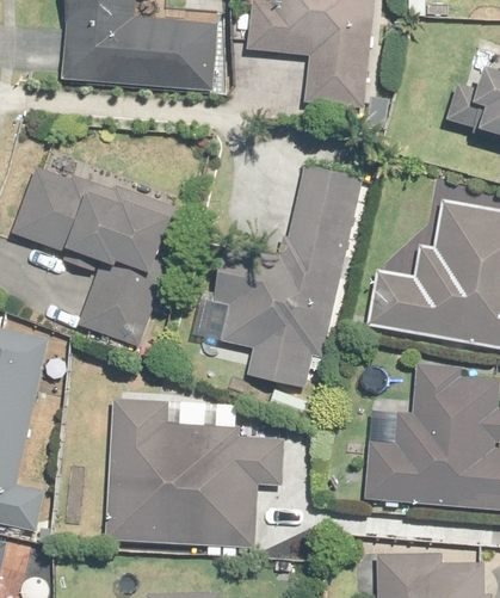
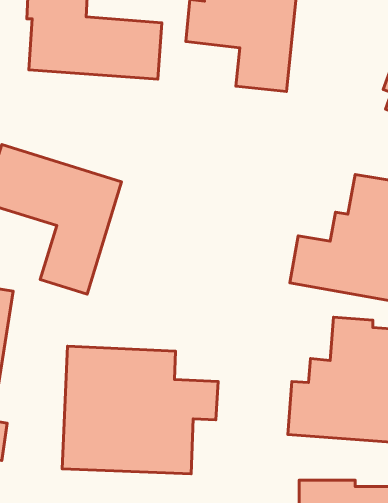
building: [192,160,363,389] -> none

